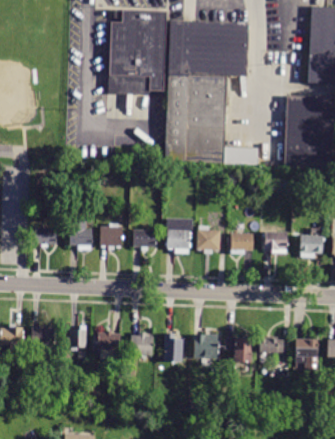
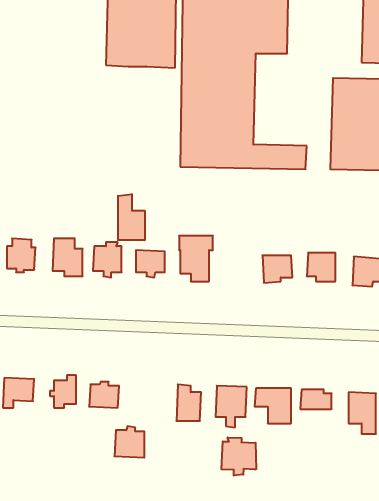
building: none -> [118,194,145,240]
building: [197,225,220,253] -> none
building: [130,331,153,355] -> [114,426,144,458]
building: none -> [221,437,256,476]

